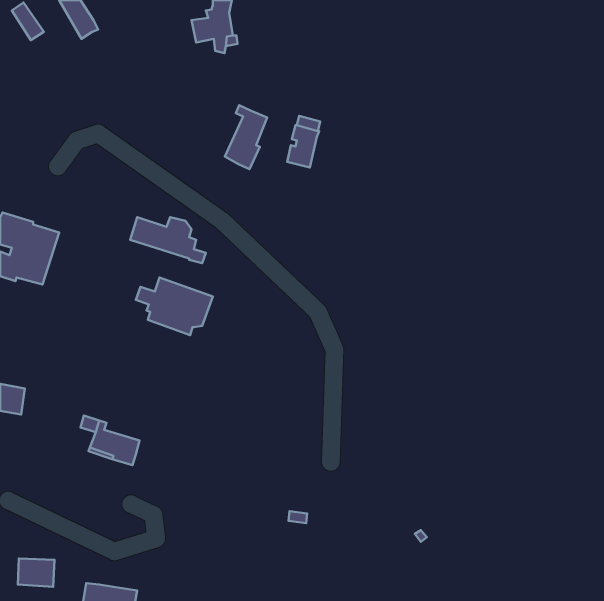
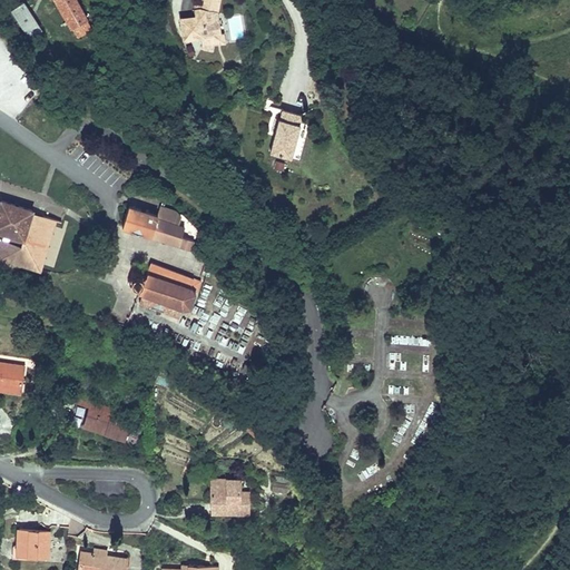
building: [225,105,267,169] -> none
building: none -> [210,476,248,514]

